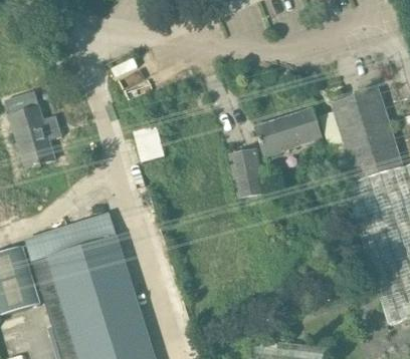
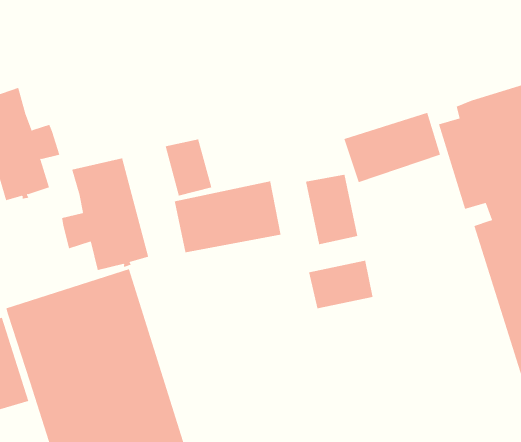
building: none -> [62,158,149,271]
building: none -> [174,180,281,253]
building: none -> [308,260,373,309]

